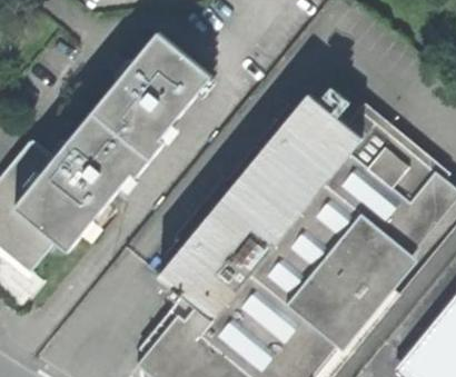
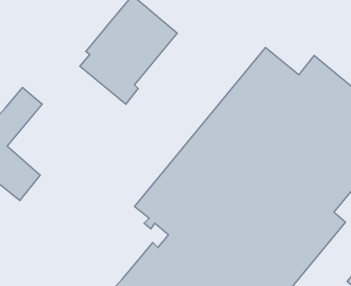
building: [14,113,150,249] -> none

